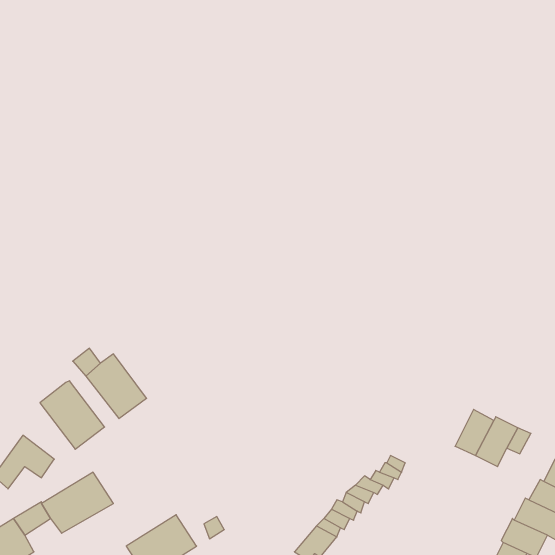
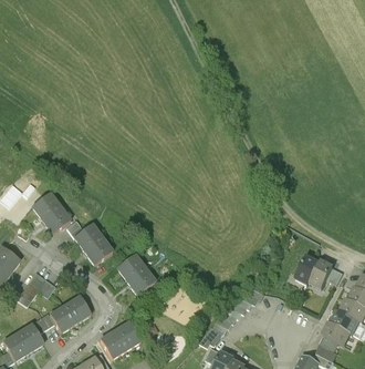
building: [40,381,105,449] -> [31,193,70,234]
building: none -> [116,254,155,294]

